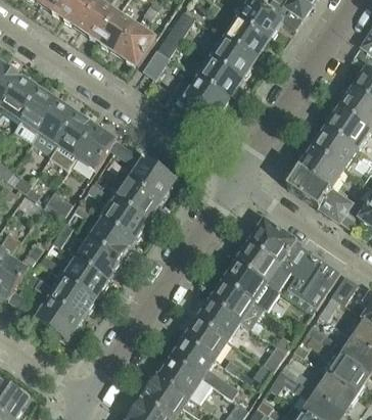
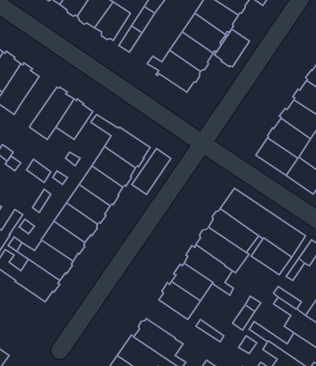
building: none -> [215,29,250,67]
building: [33,102,78,154] -> none
building: none -> [132,148,171,194]
building: [172,338,238,399] -> none

